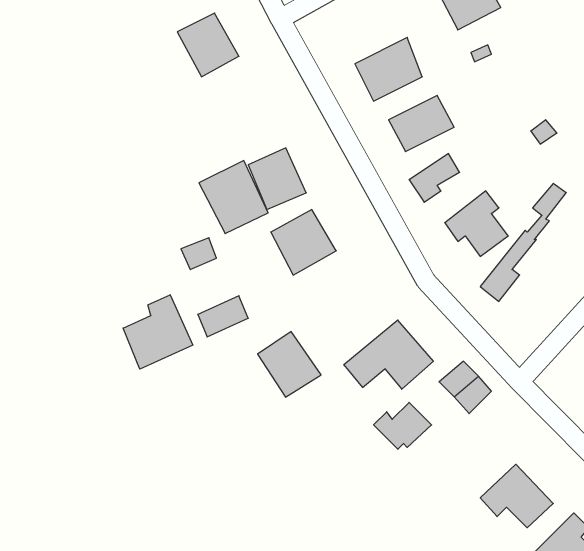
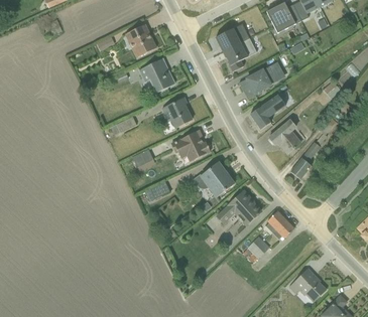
building: none -> [213,22,249,50]
building: [199,161,268,234] -> [139,56,176,96]
building: [123,295,193,369] -> none
building: [258,332,321,397] -> [203,161,237,196]

